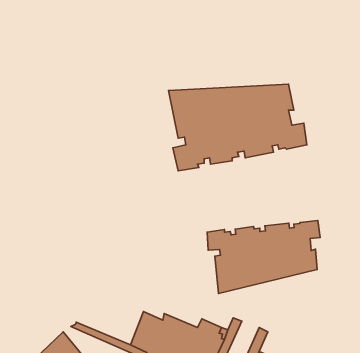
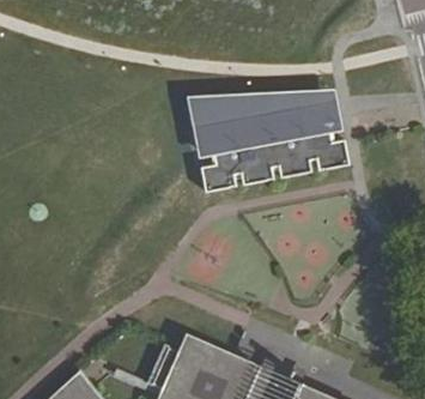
building: [207,221,320,293] -> none

